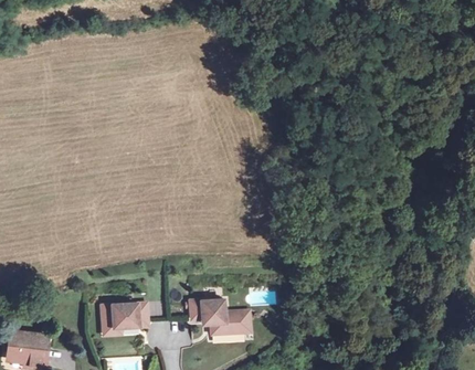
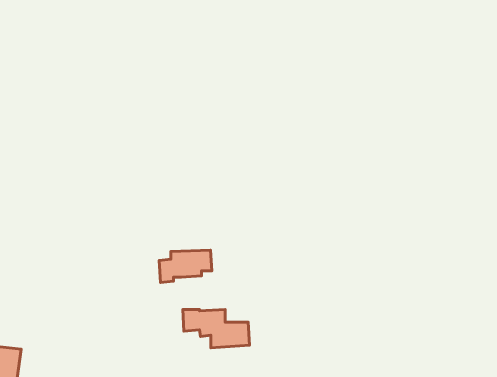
building: [102,305,147,332] -> [159,250,212,282]

